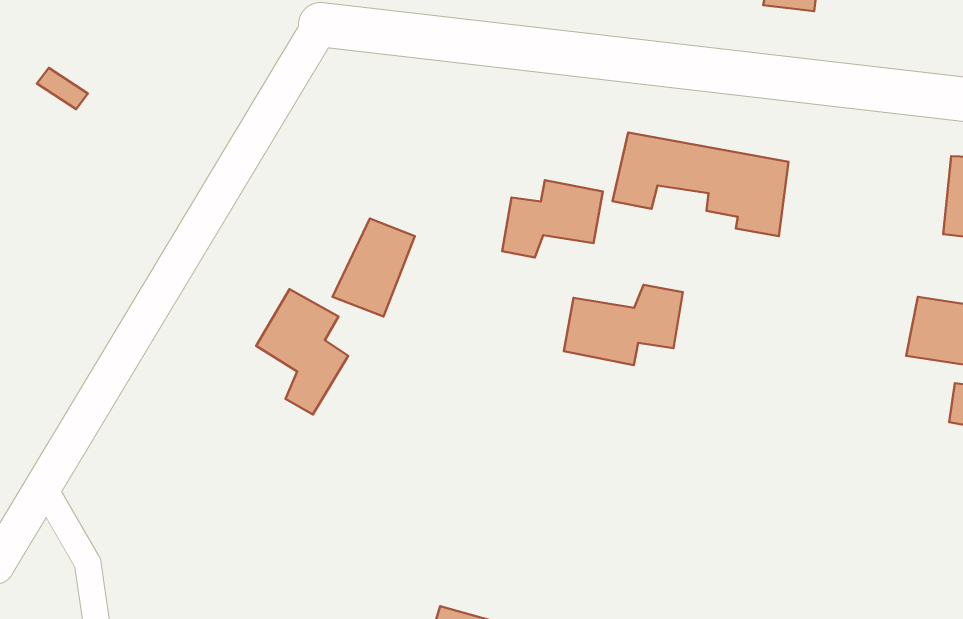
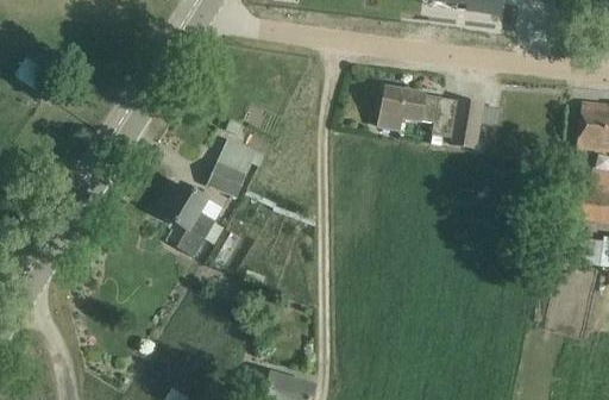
building: [502,180,603,258] -> none
building: [564,285,683,365] -> none

